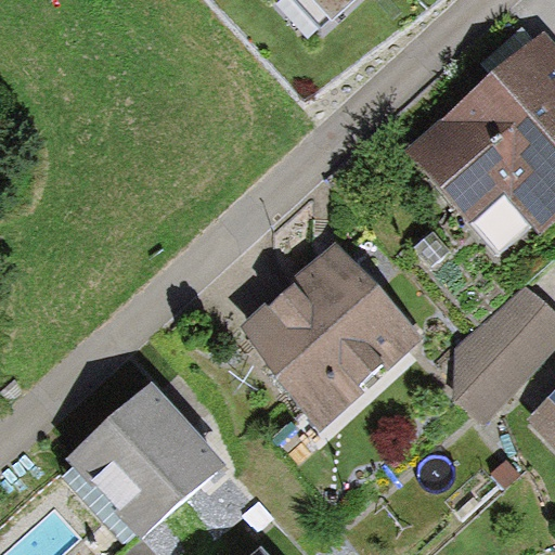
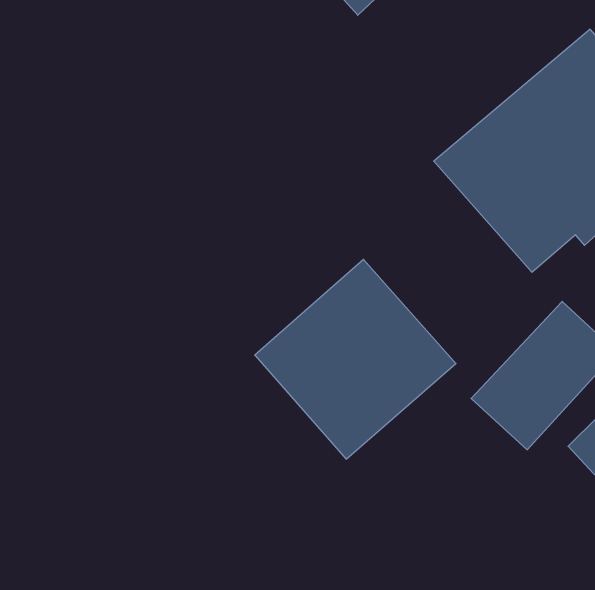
building: [60,397,206,541] -> none

